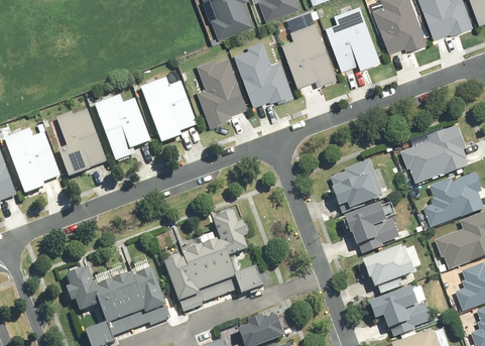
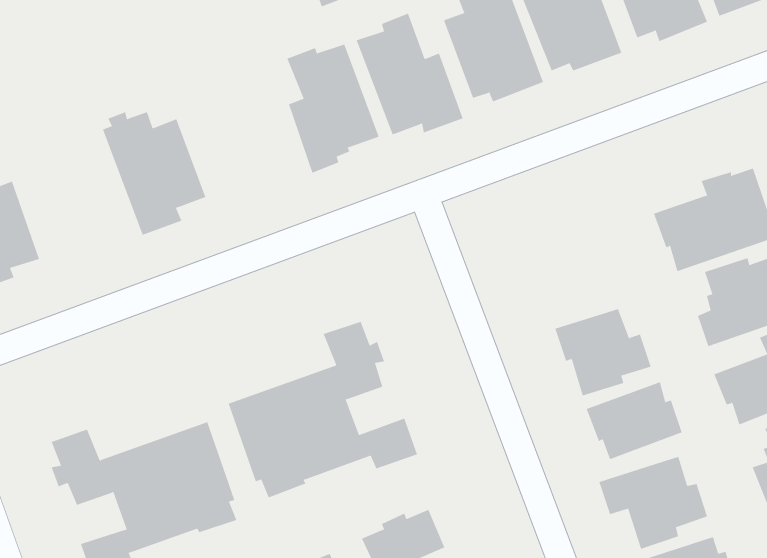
building: [140,77,197,142] -> none
building: [54,111,107,177] -> none
building: [329,159,386,209] -> none

